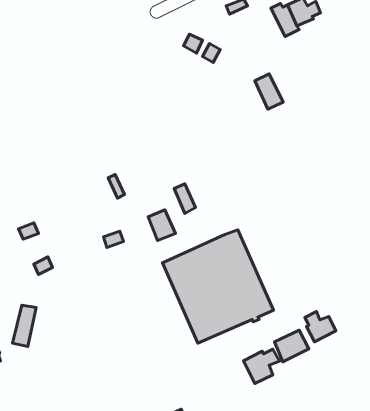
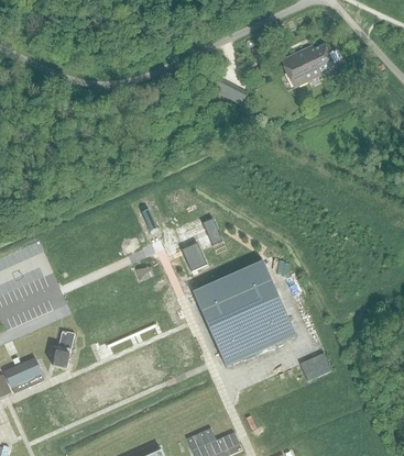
building: [255,74,283,109] -> [280,54,306,87]
building: [305,311,336,342] -> none
building: [244,349,280,384] -> none

